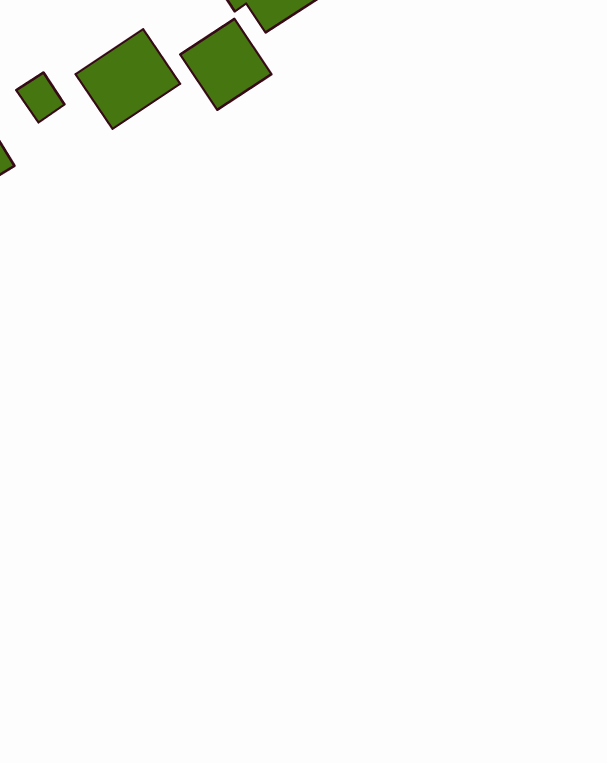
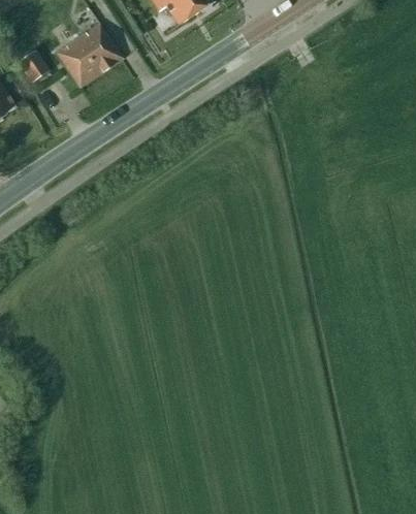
building: [180,19,272,110] -> none

